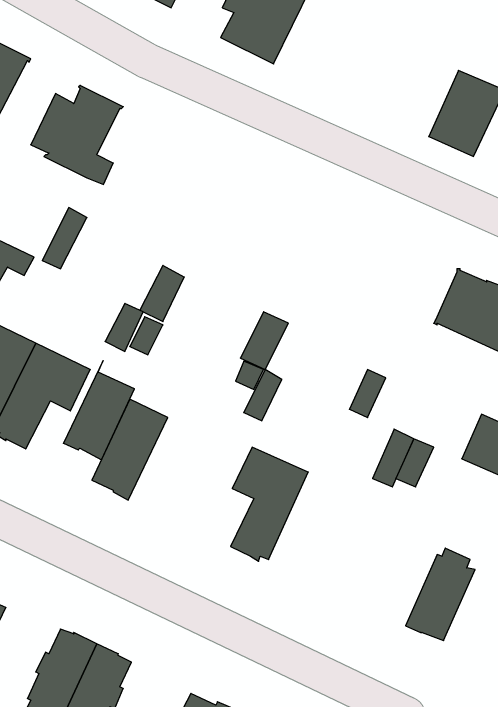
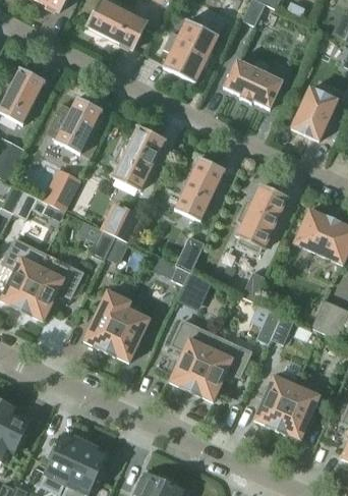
building: none -> [223,58,283,108]
building: none -> [114,130,163,188]
building: none -> [174,156,225,221]
building: none -> [237,188,285,251]
building: [63,361,134,460] -> [106,300,150,362]
building: none -> [192,334,251,400]
building: none -> [253,372,296,429]

